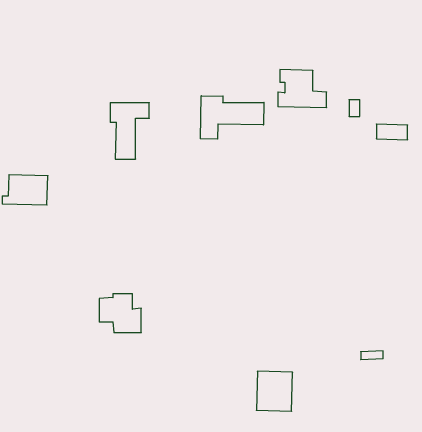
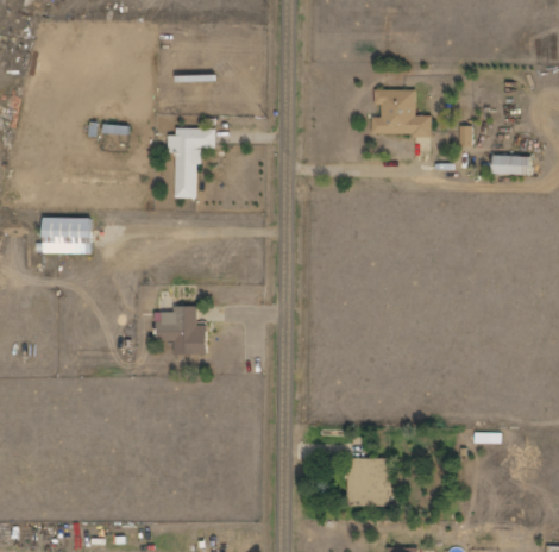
building: [200,96,264,139] -> none
building: [99,294,141,333] -> [156,306,207,353]

